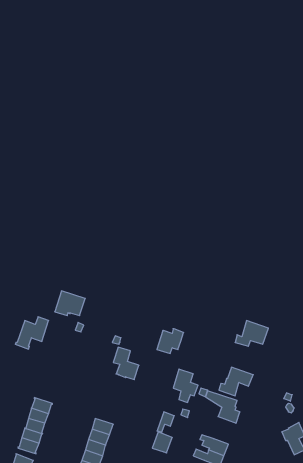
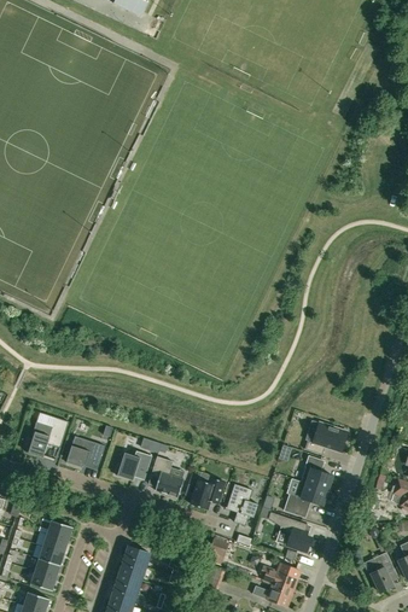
building: [55,291,85,316] -> [66,435,105,466]
building: [157,329,184,353] -> [191,477,225,508]
building: none -> [116,450,152,479]
building: none -> [301,455,333,490]

